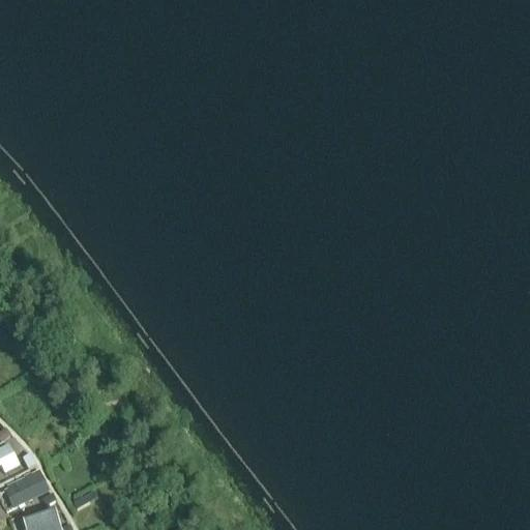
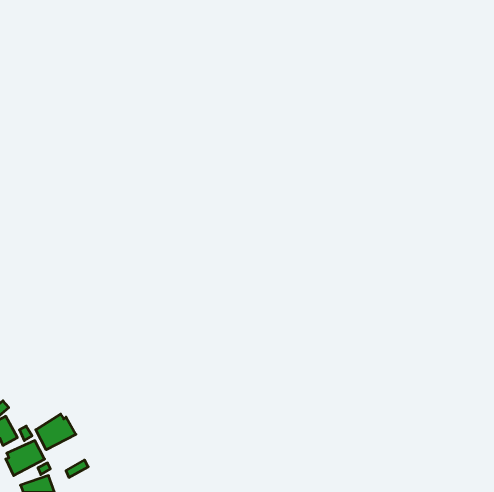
building: none -> [36,414,76,450]

